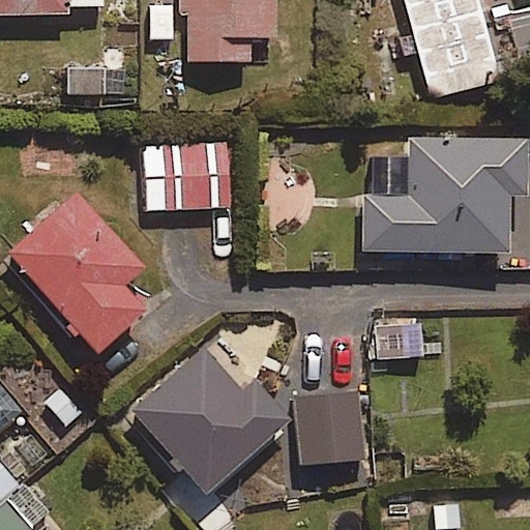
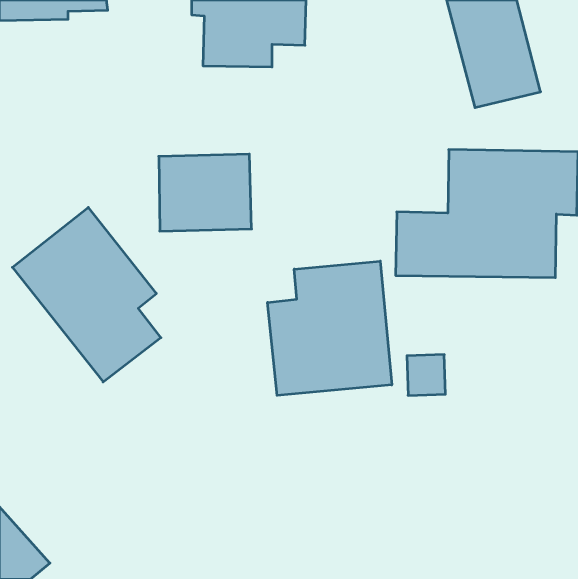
building: none -> [268,261,392,395]
building: [128,348,289,495] -> none
building: [297,393,358,465] -> none

